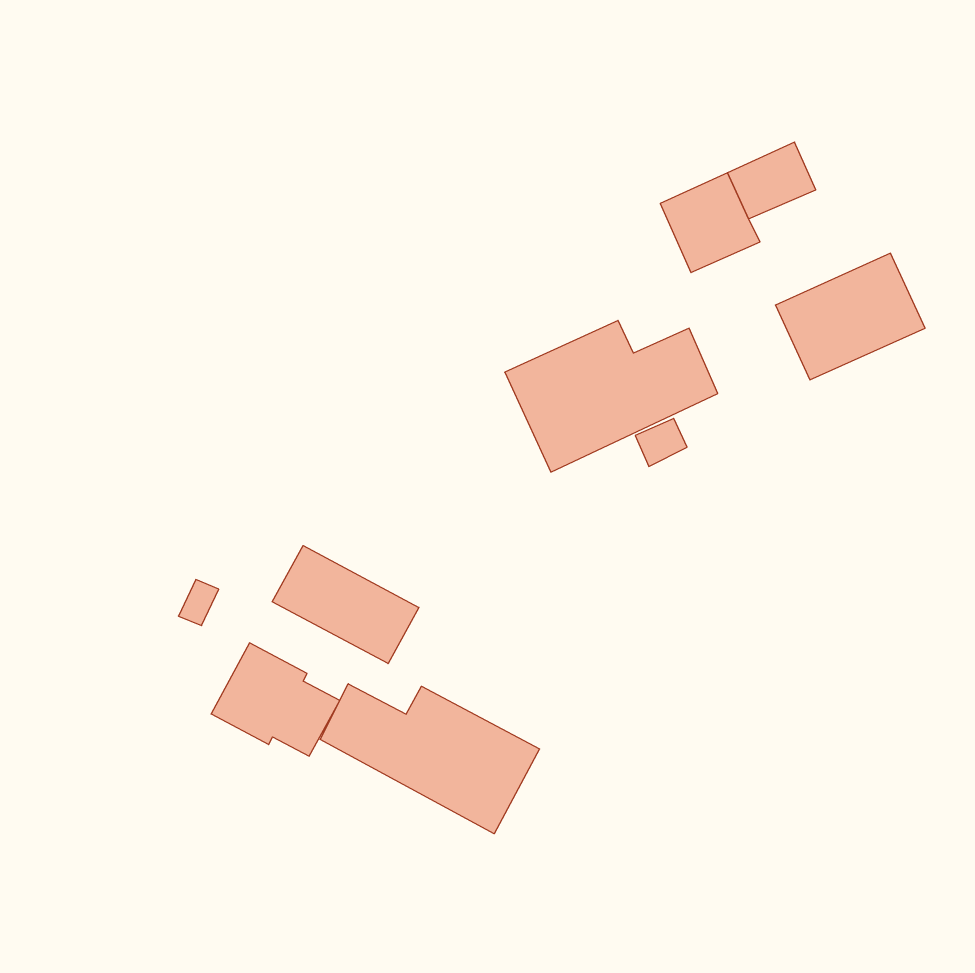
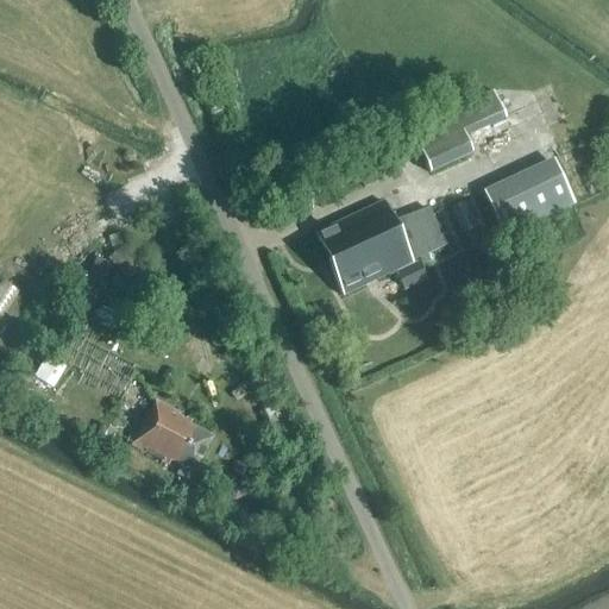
building: [272,546,419,664] -> none
building: [320,684,540,834] -> none

